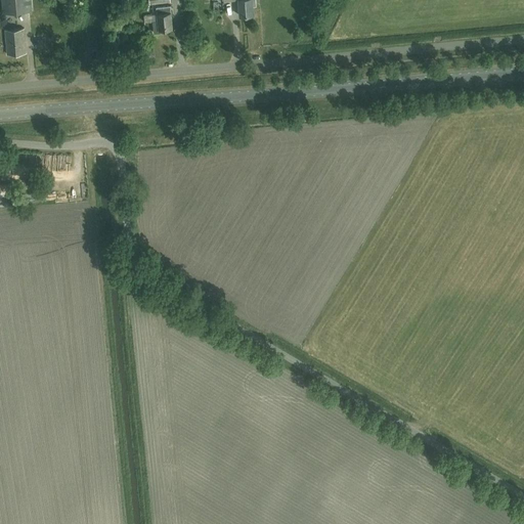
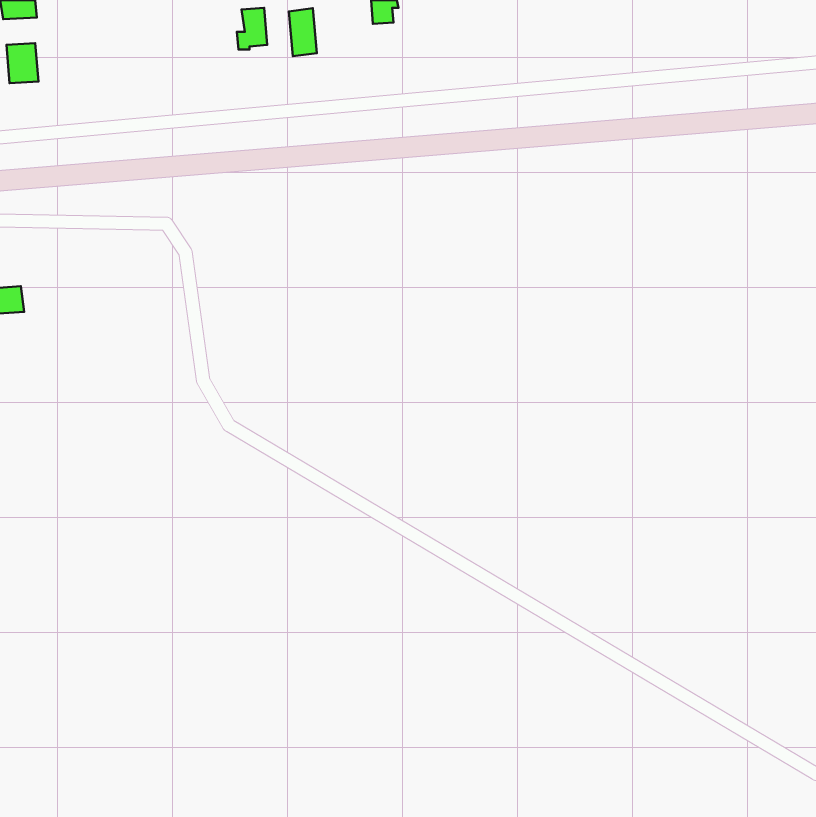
building: none -> [289,8,317,56]

